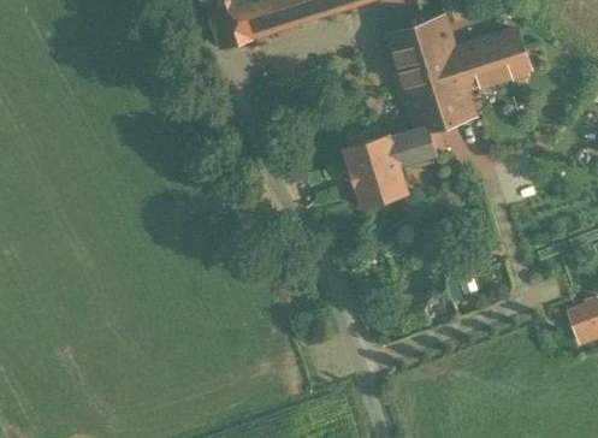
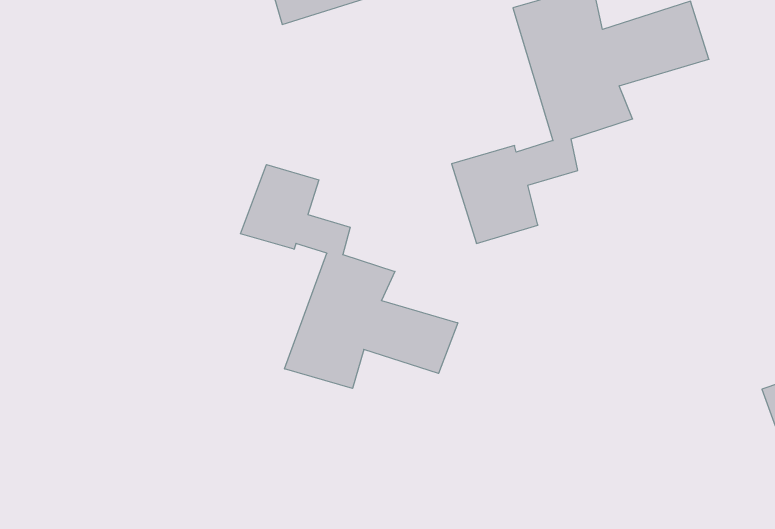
building: none -> [240,165,458,388]

